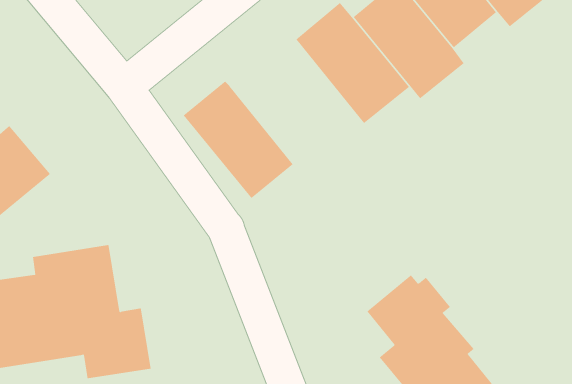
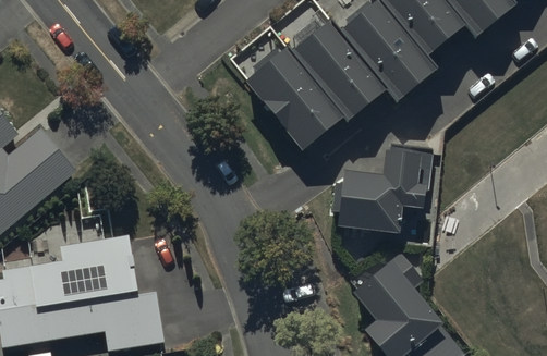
building: [183,81,293,199] -> [247,44,344,147]
building: none -> [331,146,430,232]

